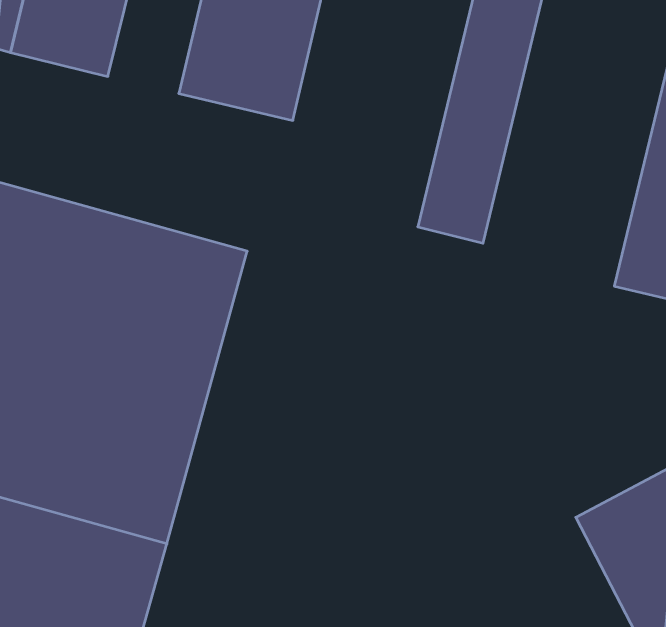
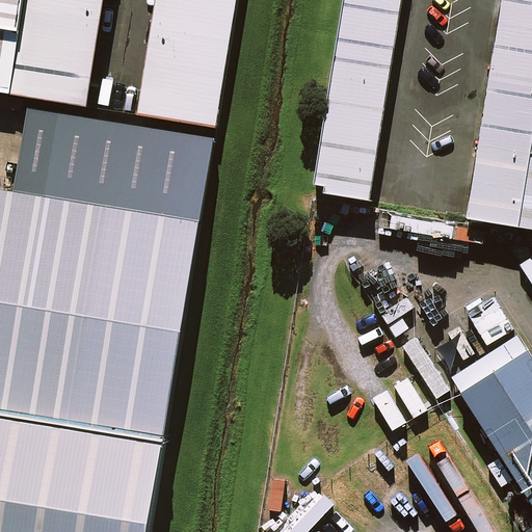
building: none -> [18,99,214,219]

